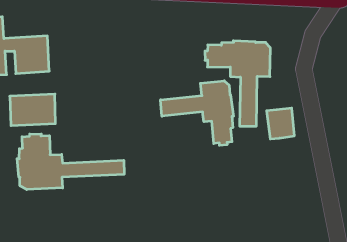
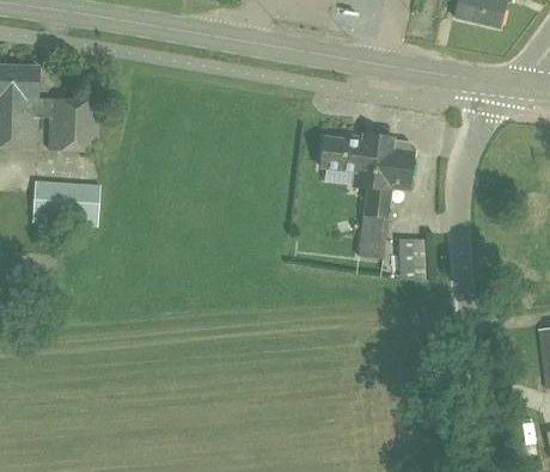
building: [161,81,233,145] -> none
building: [17,134,124,190] -> none

